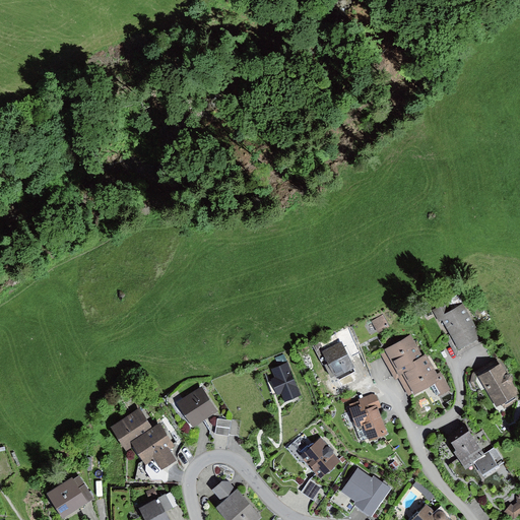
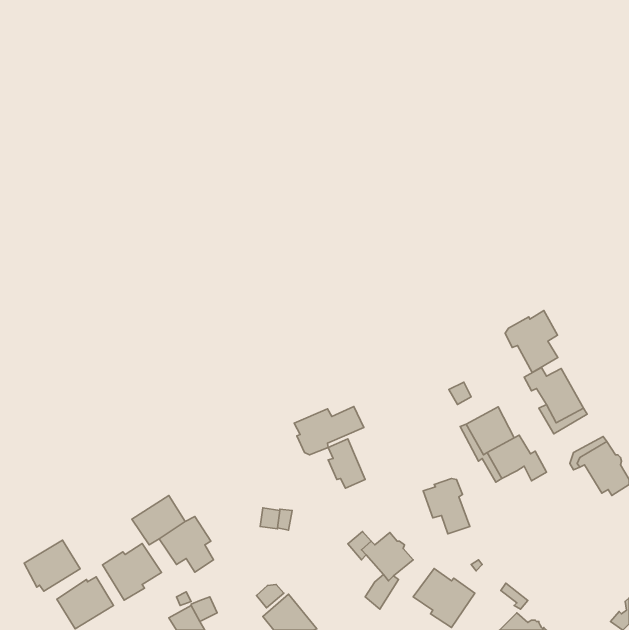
building: none -> [505,311,558,373]
building: none -> [294,406,364,455]
building: [321,342,354,378] -> none
building: [177,387,217,428] -> none
building: [451,431,503,475] -> none
building: none -> [24,540,80,591]
building: none -> [103,543,162,600]

